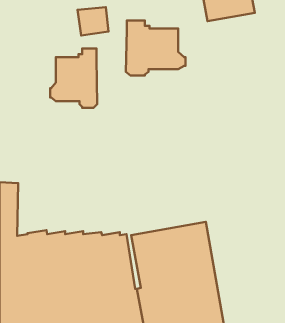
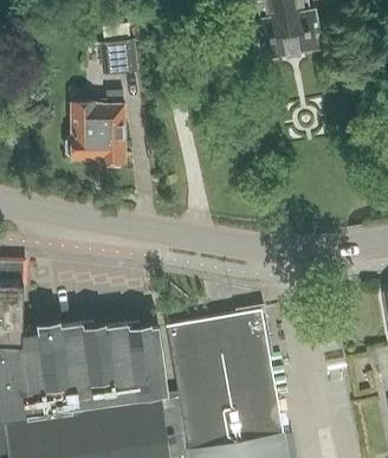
building: [126,21,185,75] -> none

